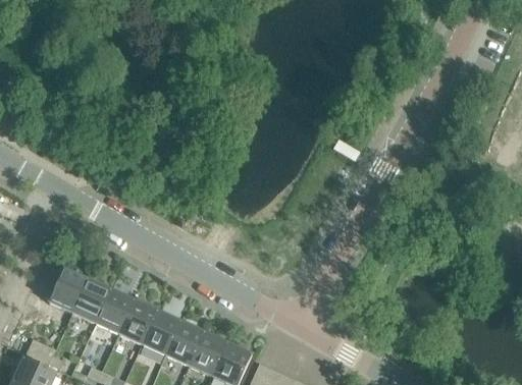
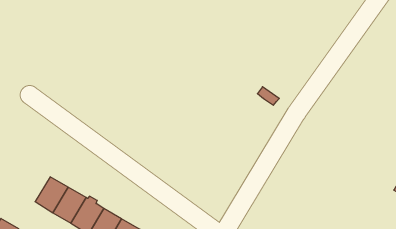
building: [48,269,88,313] -> none

